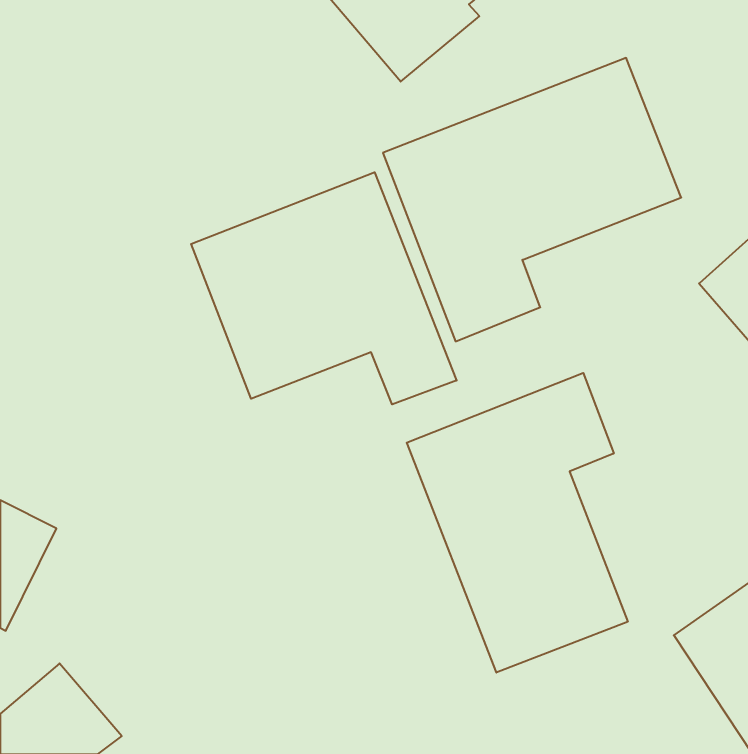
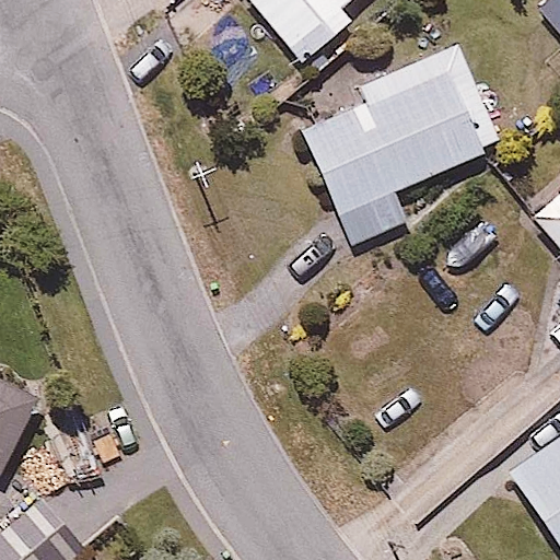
building: [191,172,457,404] -> none
building: [407,373,628,673] -> none

